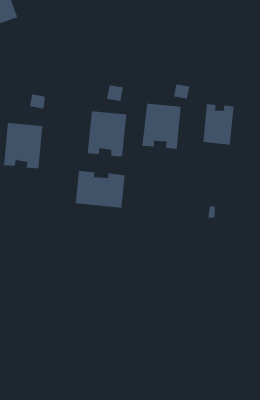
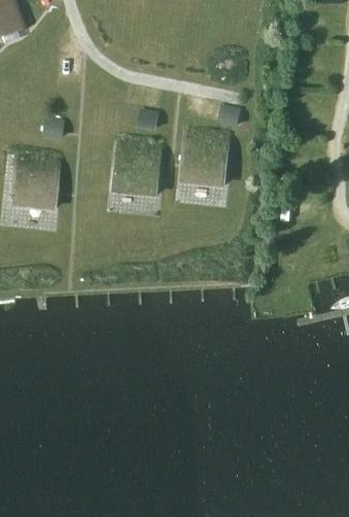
building: [203,103,234,145] -> none
building: [75,170,125,209] -> none

